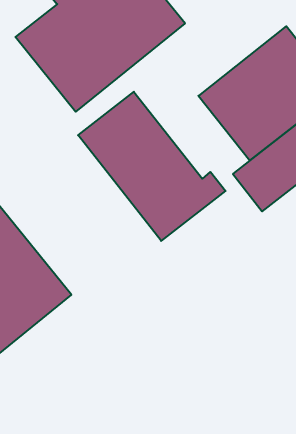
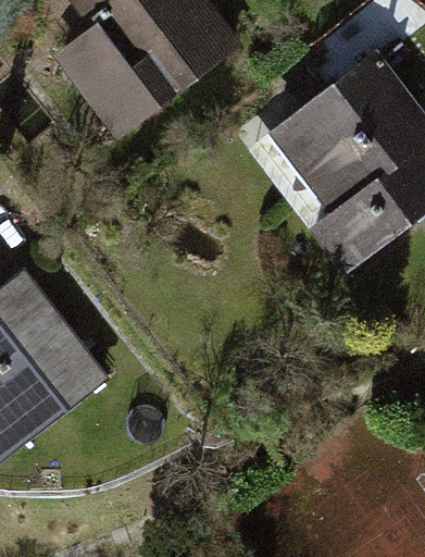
building: [78,92,226,241] -> none

